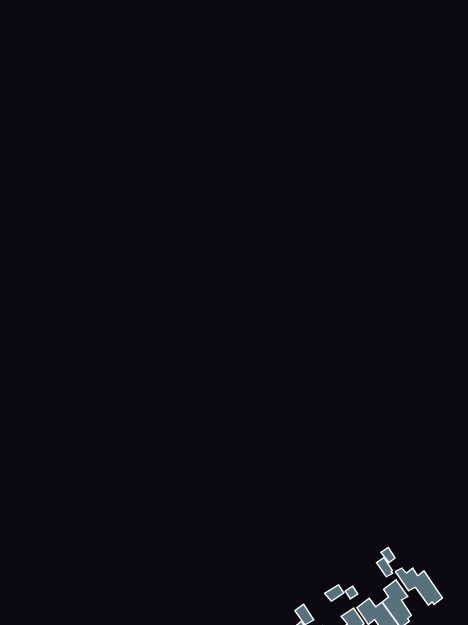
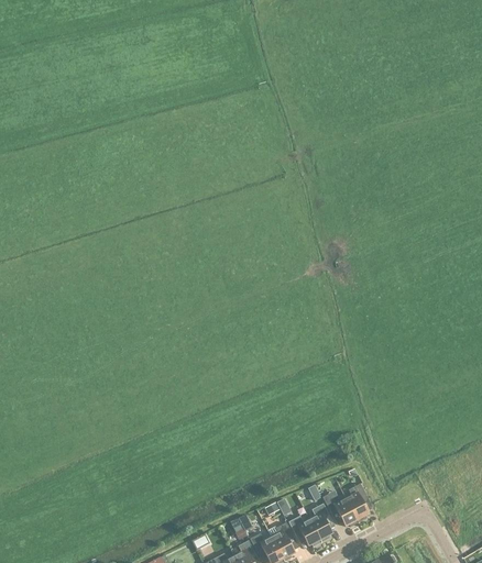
building: none -> [346,484,369,522]

